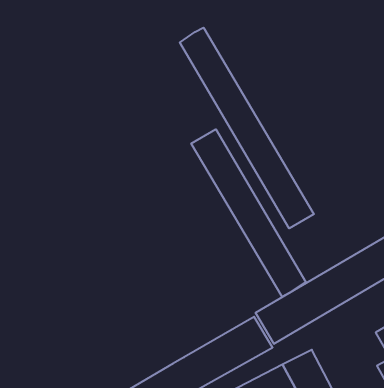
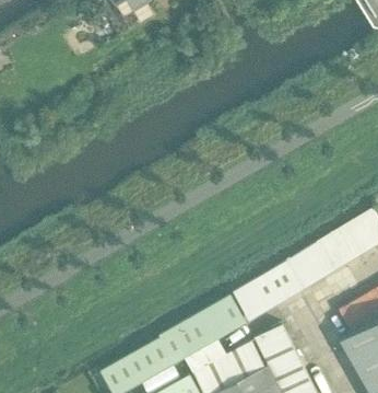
building: [180,28,314,228] -> none
building: [191,129,306,297] -> none

